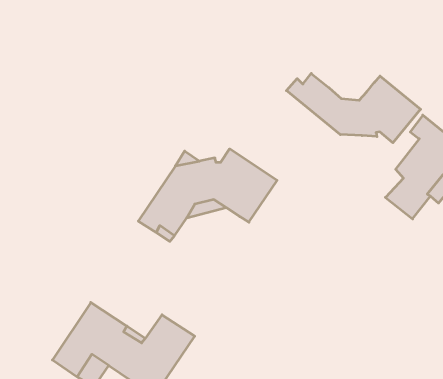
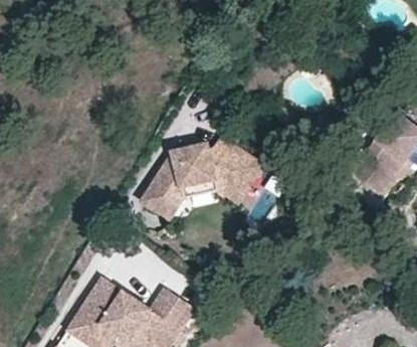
building: [286,73,421,143] -> none

